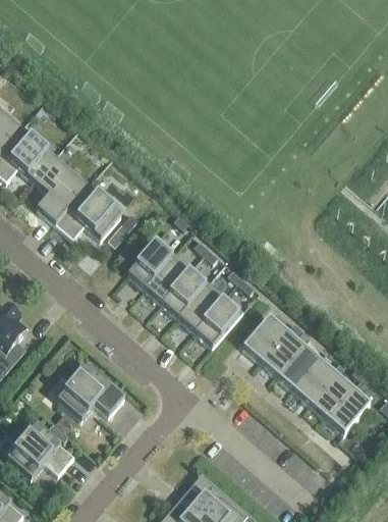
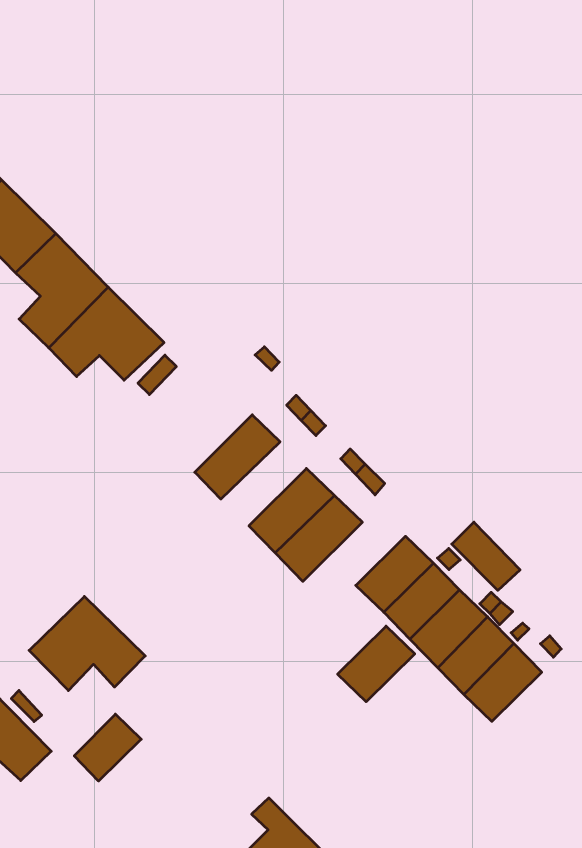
building: [127,239,175,290] -> none
building: [161,268,209,318] -> none
building: none -> [452,522,520,590]
building: none -> [338,626,415,702]
building: [327,389,370,434] -> none
building: none -> [74,714,141,781]

